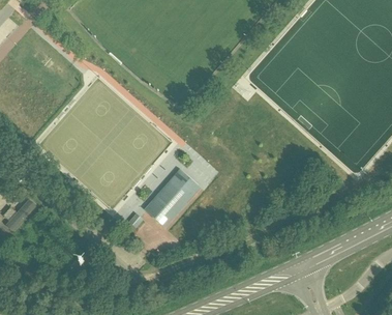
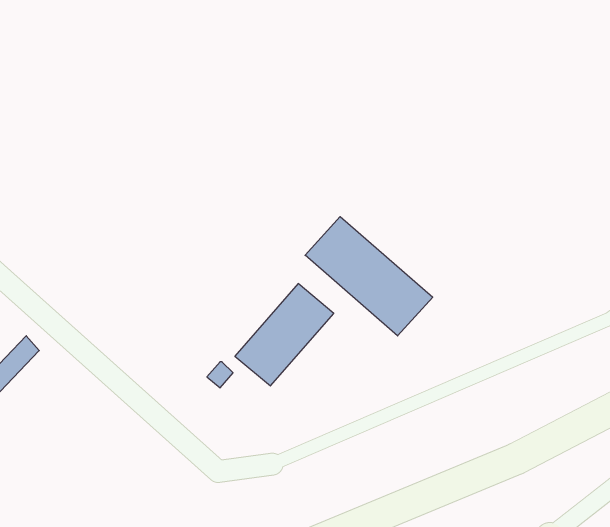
building: none -> [305,217,433,336]

